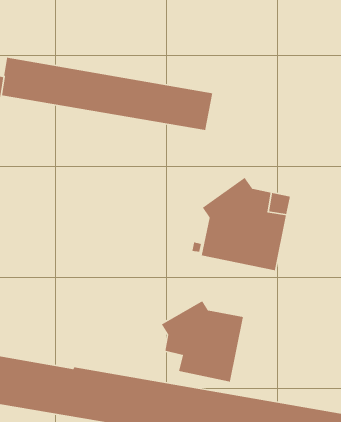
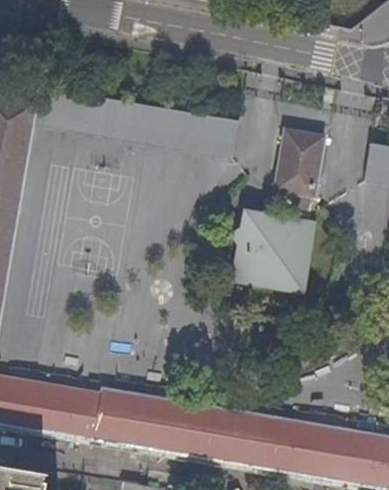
building: none -> [271,131,323,208]
building: [161,300,244,383] -> none

